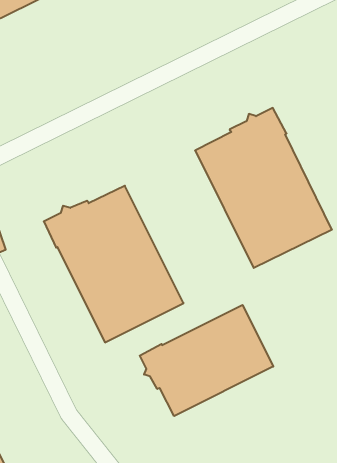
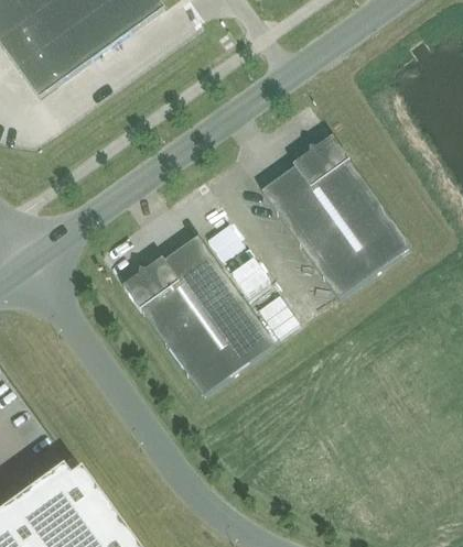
building: [140,305,273,416] -> none

